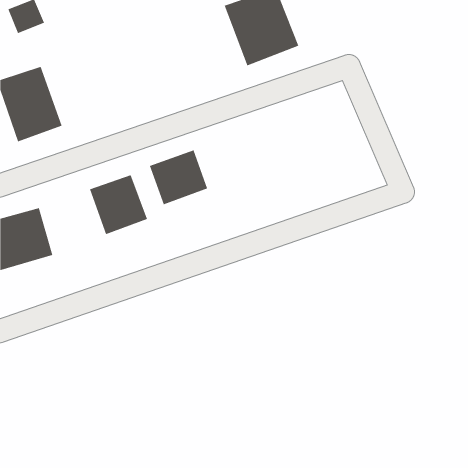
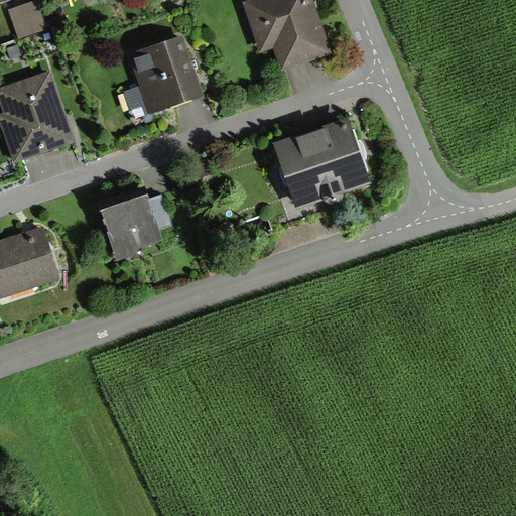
building: none -> [131,36,201,107]
building: none -> [275,118,369,204]
building: [149,150,208,205] -> none

